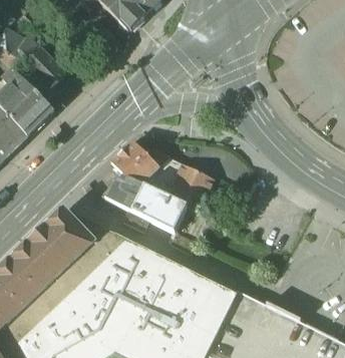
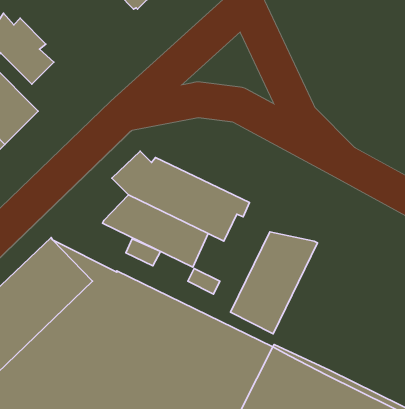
building: none -> [231,232,317,334]

